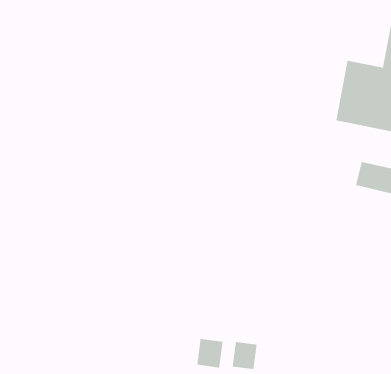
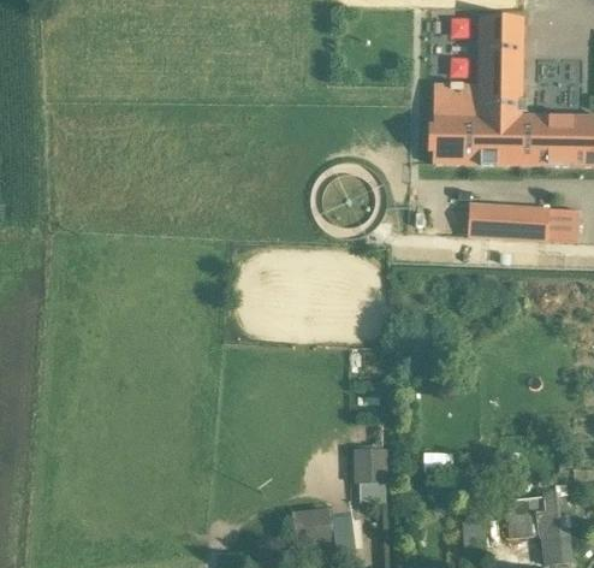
building: [197,338,223,368] -> none

